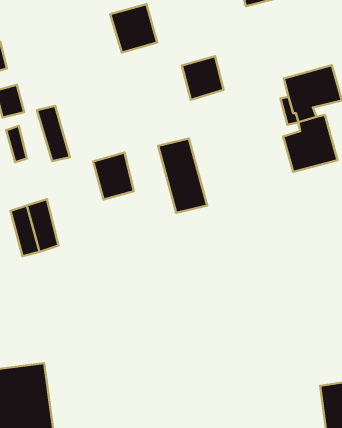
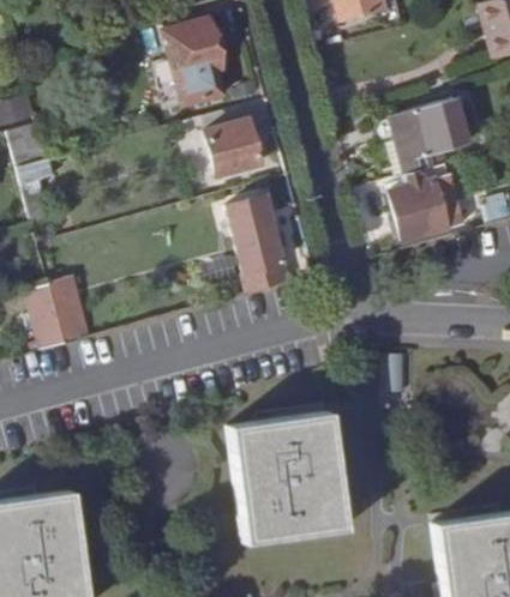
building: [182,56,223,100] -> [206,121,262,179]
building: [37,106,70,161] -> none
building: [93,153,134,200] -> none
building: none -> [229,410,349,542]

